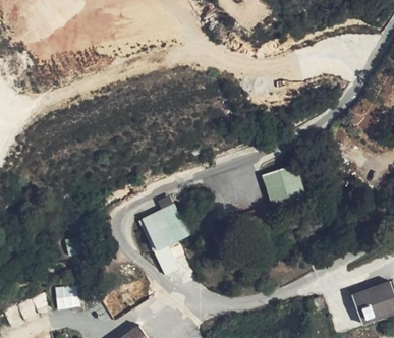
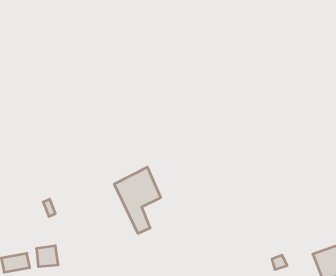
building: [262,164,307,210] -> none

